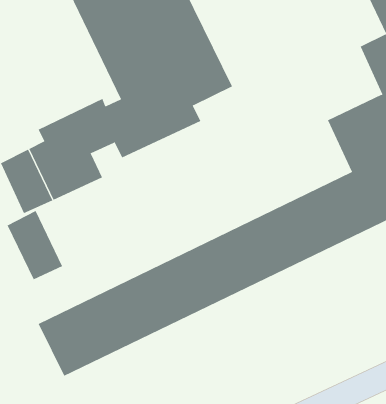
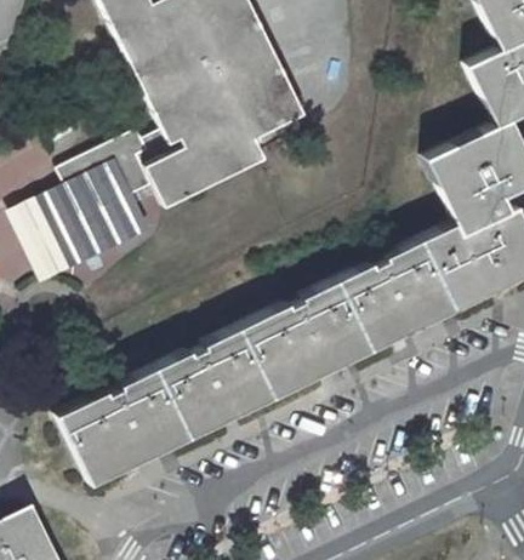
building: [7,210,63,280] -> none

